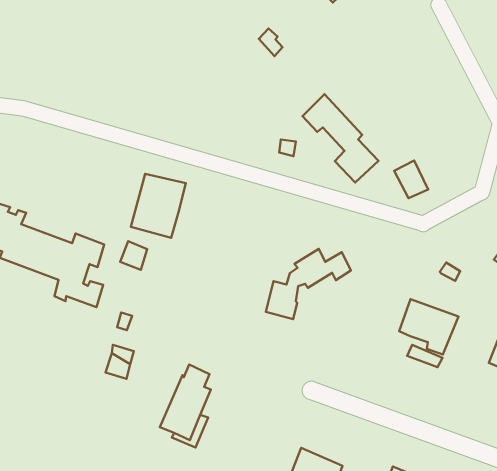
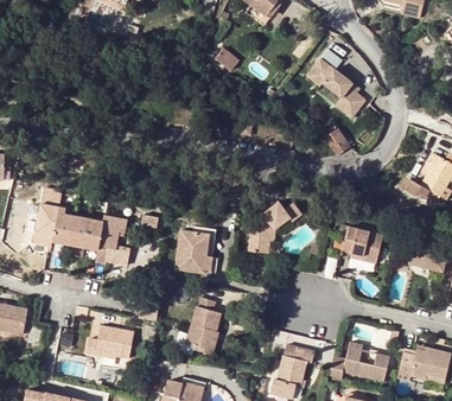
building: [303,94,379,183] -> [306,58,364,117]
building: [131,174,186,238] -> [173,230,208,273]
building: none -> [85,319,132,351]

